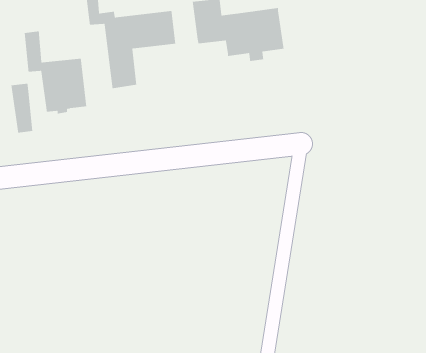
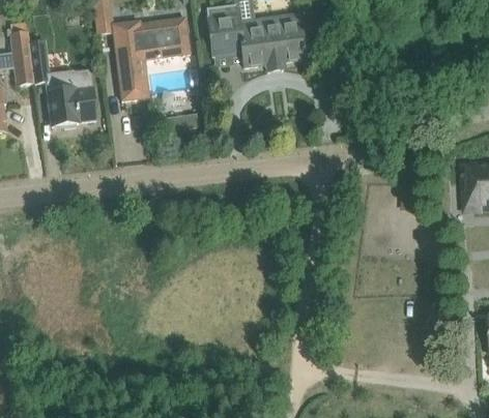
building: [11,83,33,134] -> [8,31,32,85]

